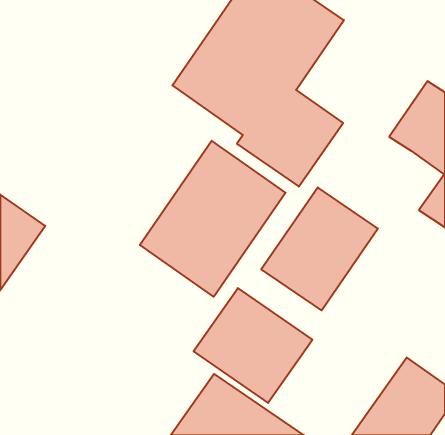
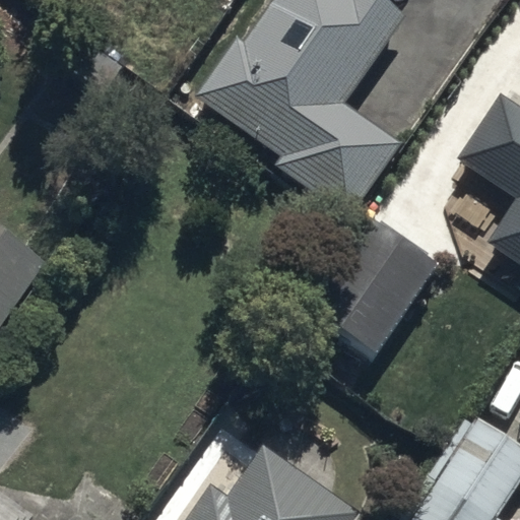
building: [140,141,286,297] -> none
building: [194,288,312,403] -> none

